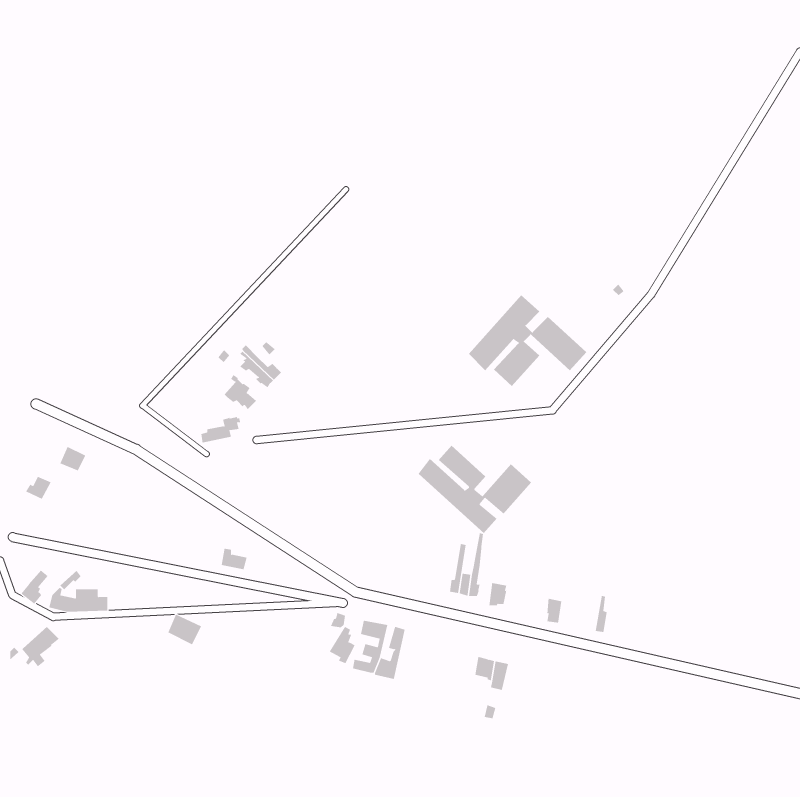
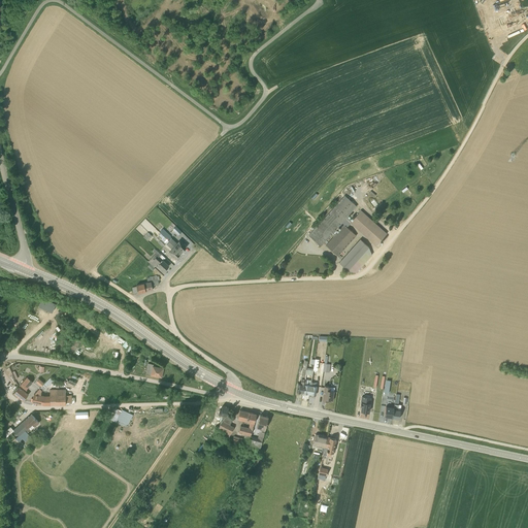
building: none -> [338,239,371,273]
building: [418,445,532,534] -> none

